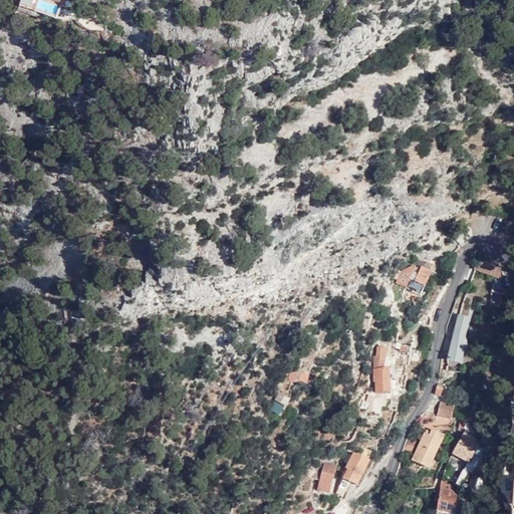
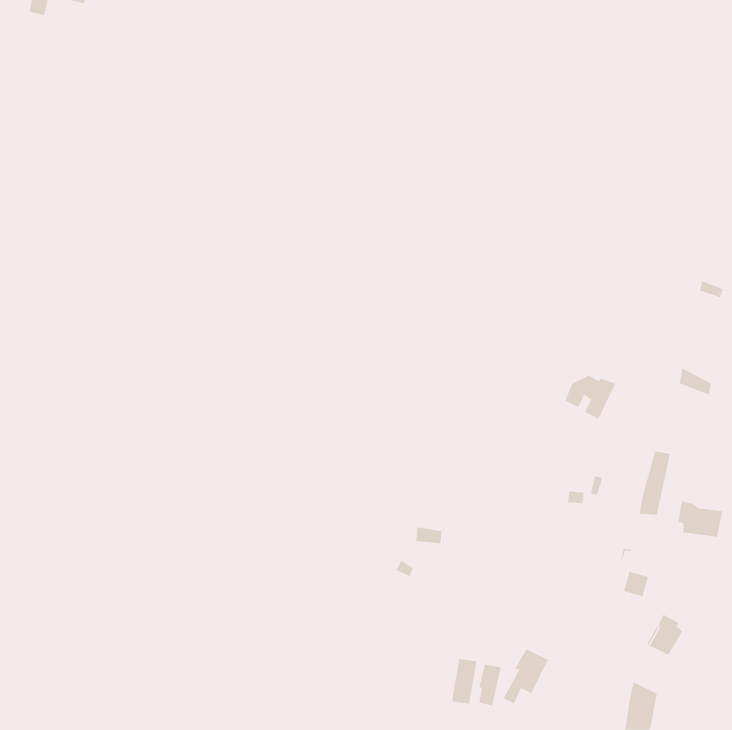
building: [370,347,397,394] -> none
building: none -> [678,501,723,538]
building: [411,428,445,468] -> none

